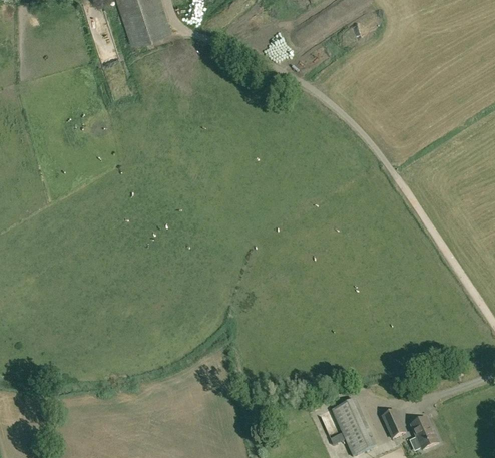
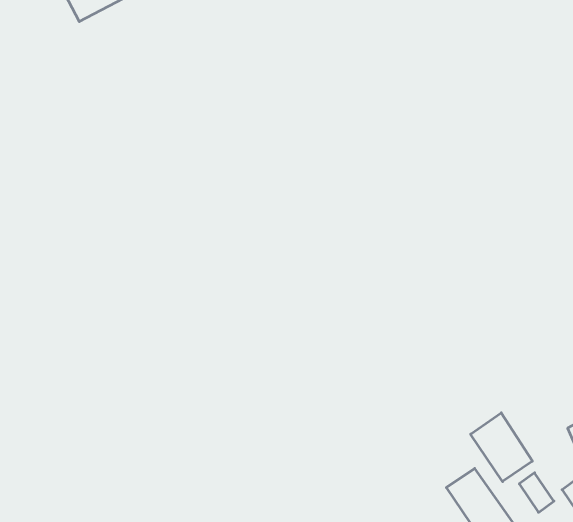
building: none -> [471,413,532,482]

